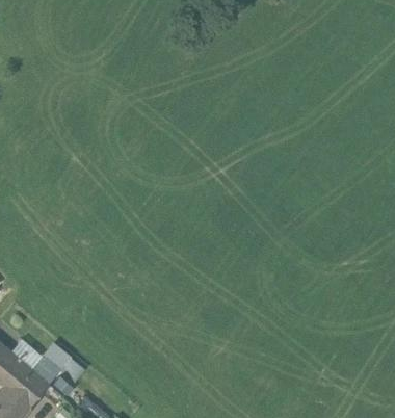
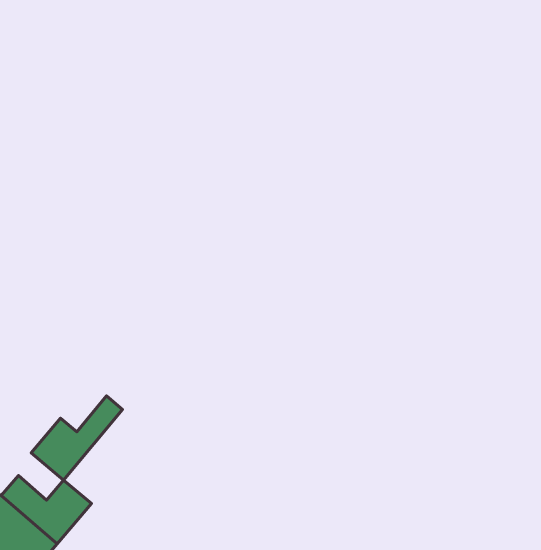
building: none -> [31,396,123,480]

